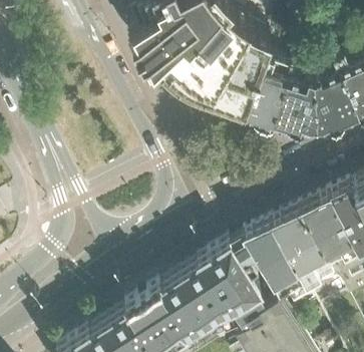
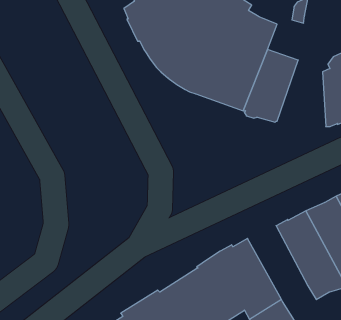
building: [272,62,318,134] -> none
building: [244,227,311,311] -> none

